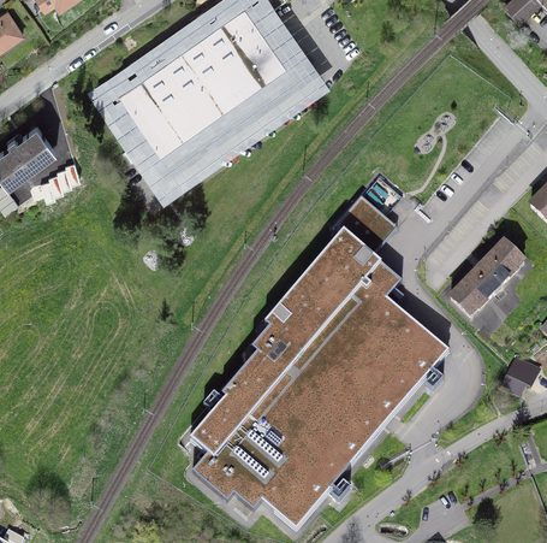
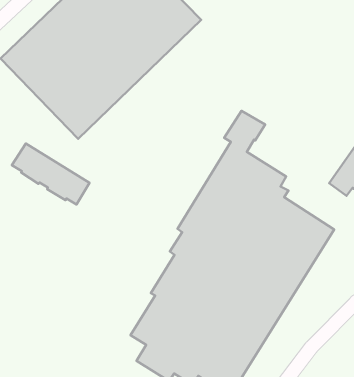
building: none -> [12,143,89,205]

